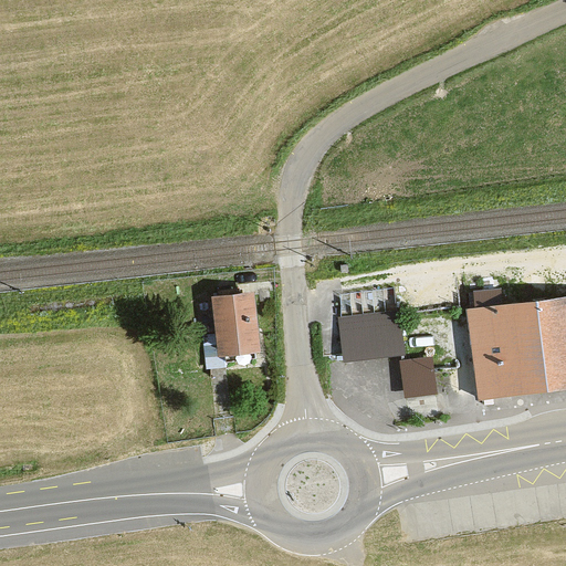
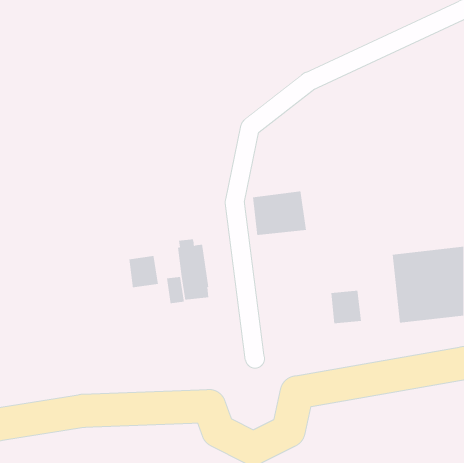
building: [338,307,405,361] -> [252,191,307,236]
building: none -> [129,255,158,288]

